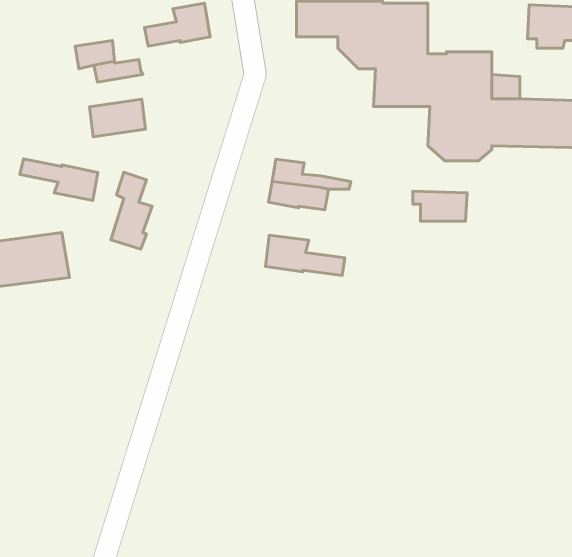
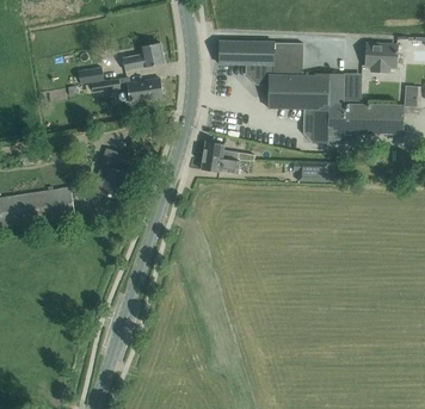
building: [89,99,146,137] -> [127,78,162,101]
building: [20,159,98,201] -> none
building: [265,235,345,275] -> none

